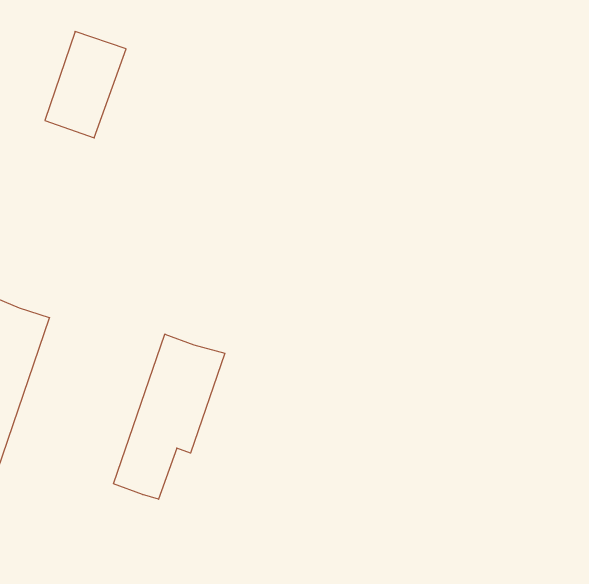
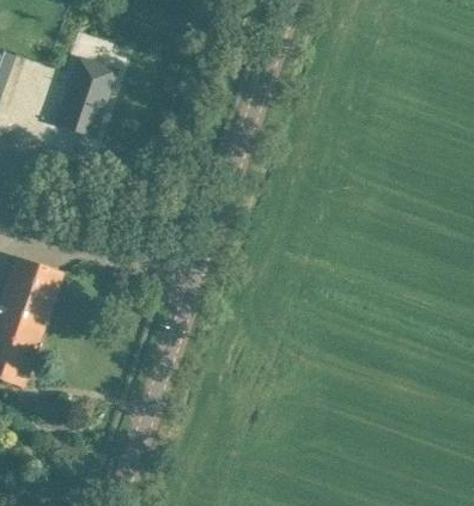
building: [114,334,225,499] -> none

